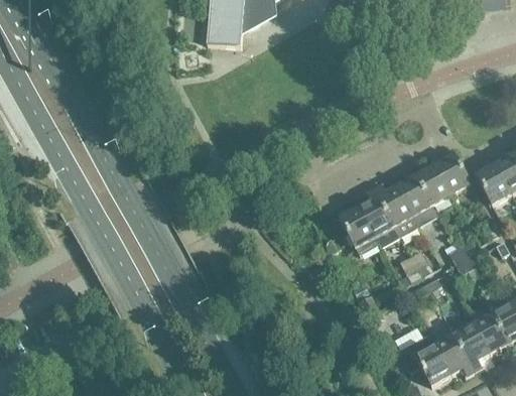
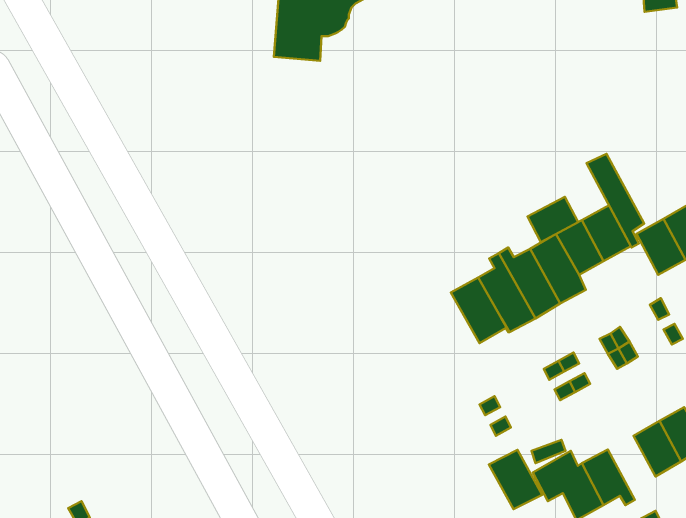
building: none -> [587,154,644,247]
building: none -> [528,197,578,242]
building: [455,323,490,371] -> none
building: none -> [489,450,542,509]

